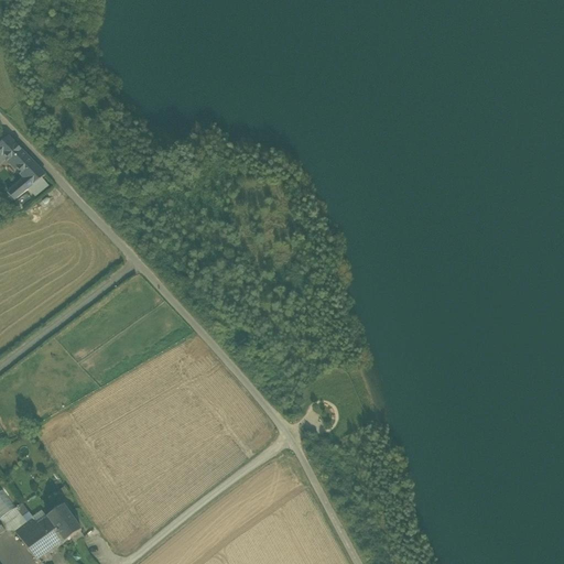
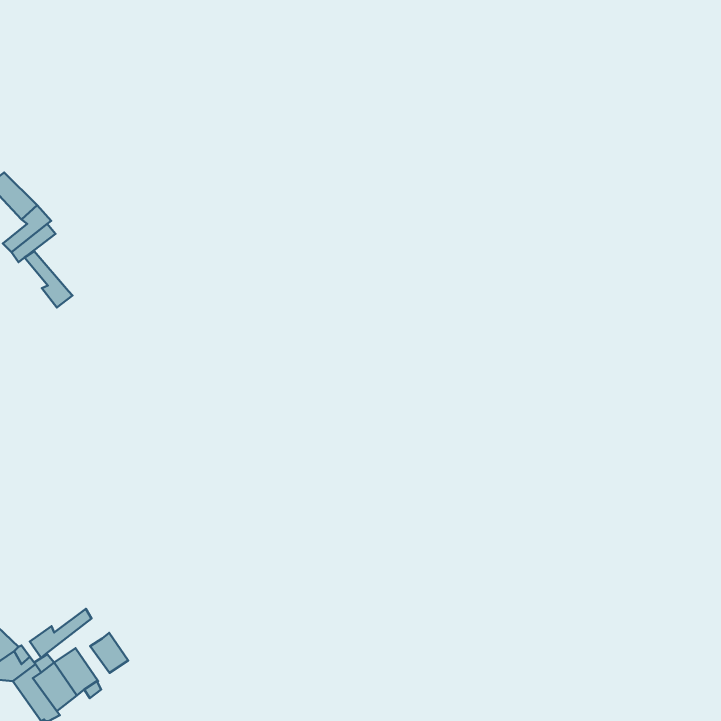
building: none -> [25,251,73,308]
building: none -> [30,609,92,658]
building: none -> [90,633,128,673]

